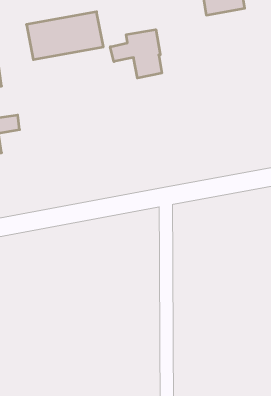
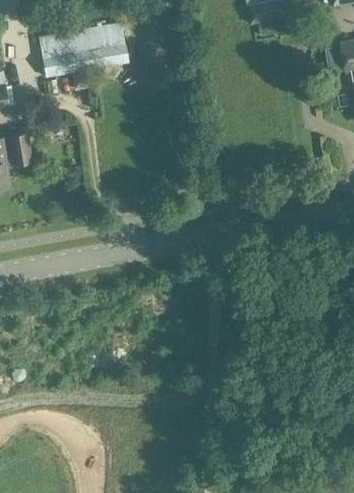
building: [110,30,162,78] -> none

